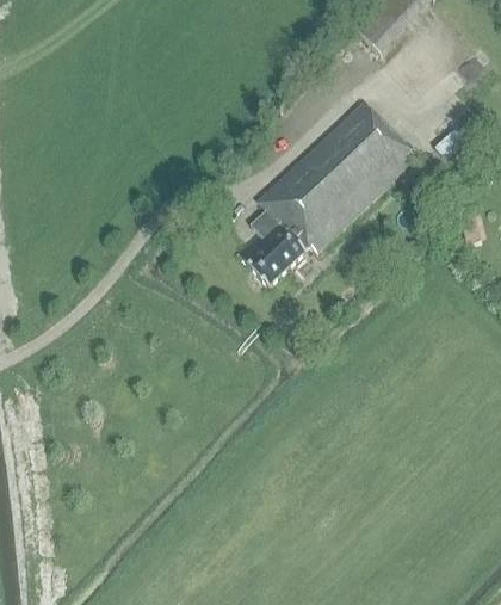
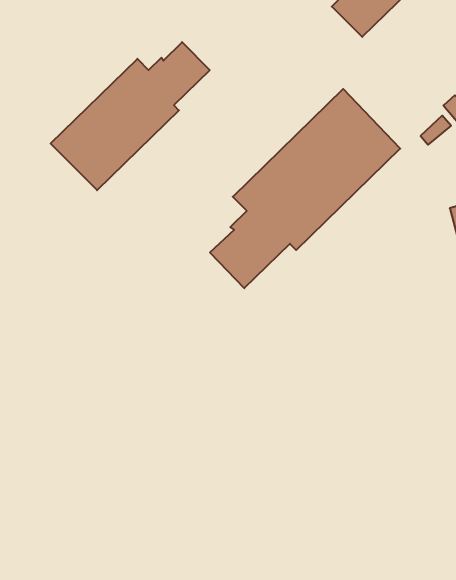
building: none -> [51,42,210,190]

